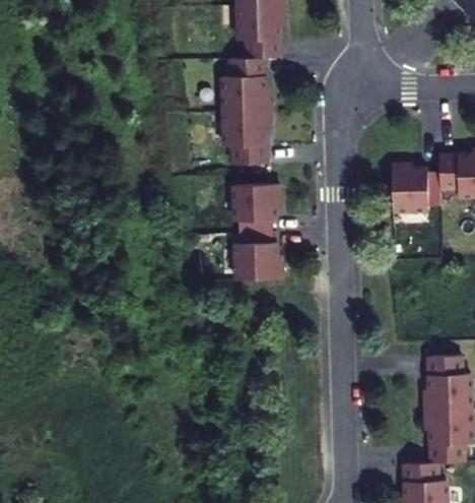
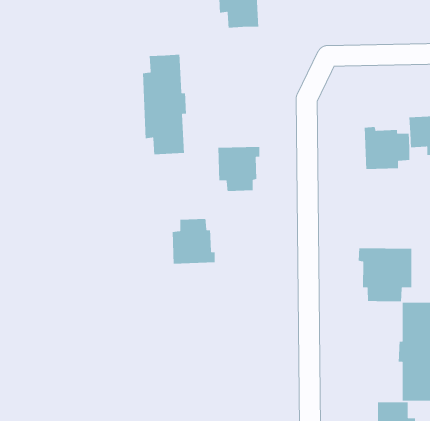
building: [221,58,269,167] -> [142,54,187,155]
building: [236,233,283,282] -> [172,218,216,265]
building: none -> [358,247,412,302]

